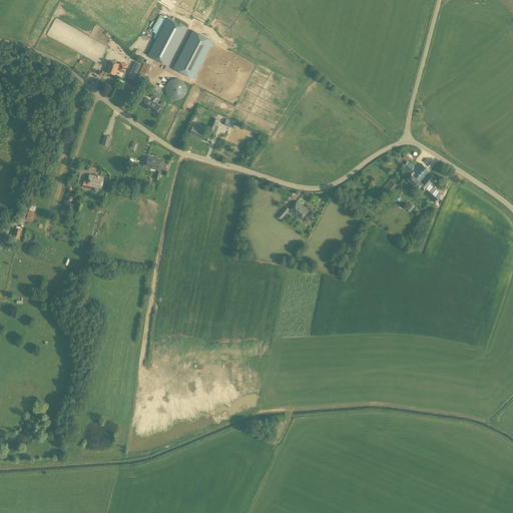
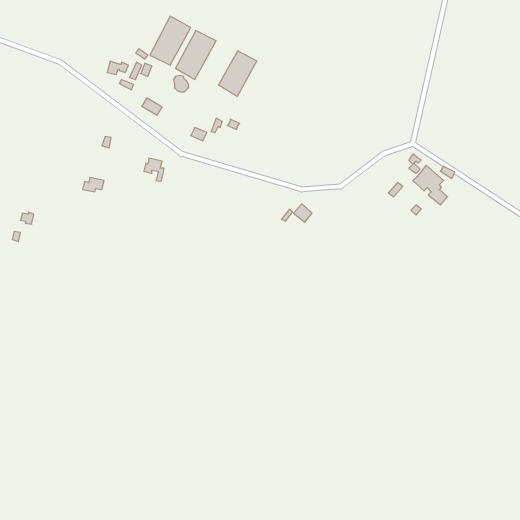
building: none -> [218,51,257,97]

